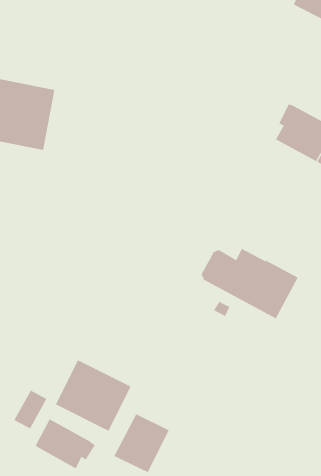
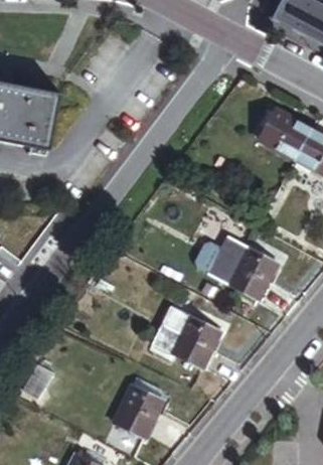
building: [55,360,131,431] -> [152,304,220,368]
building: [35,418,95,469] -> none

